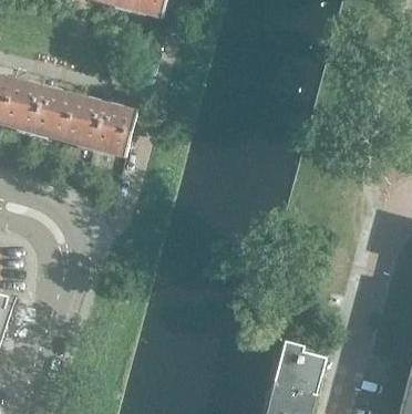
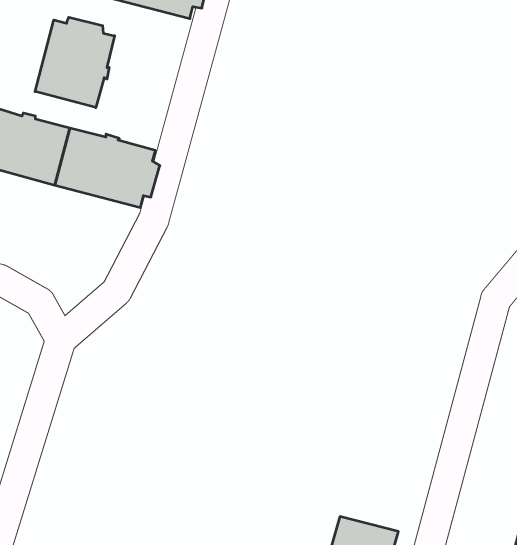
building: none -> [35,17,115,108]
building: [274,340,327,394] -> none

